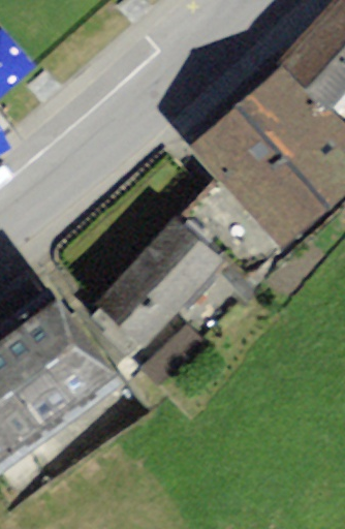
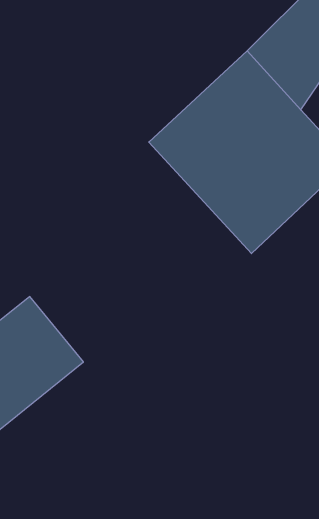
building: [103,225,218,346] -> none

